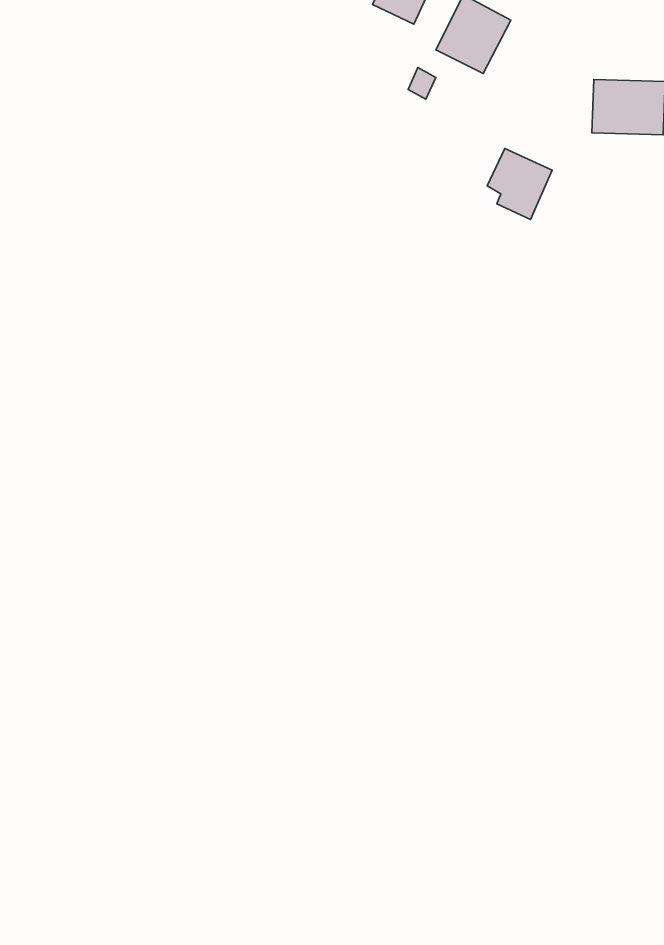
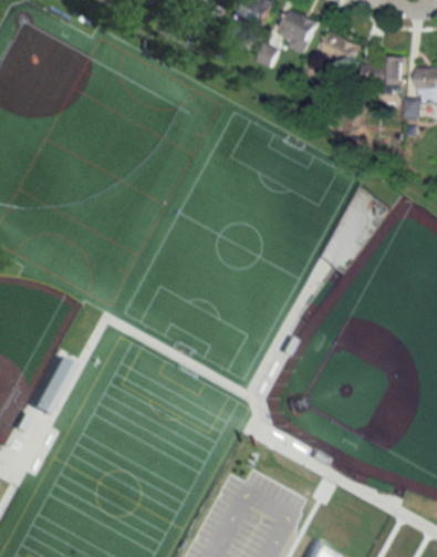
building: [487,148,552,220] -> [321,31,357,71]

